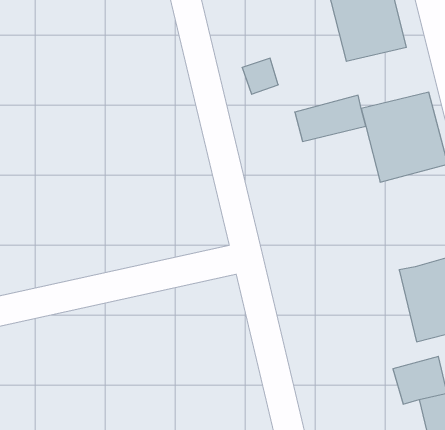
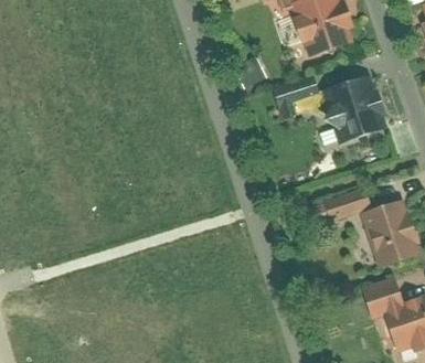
building: none -> [322,186,375,223]

